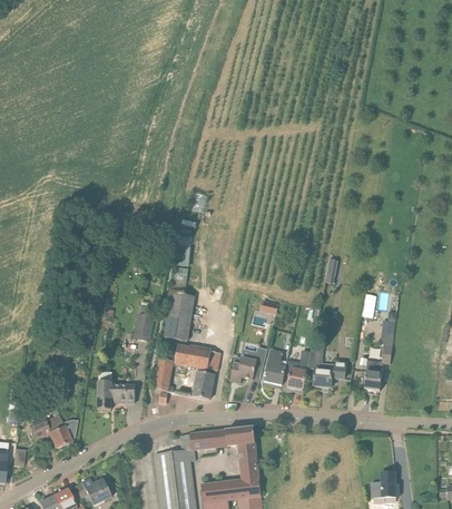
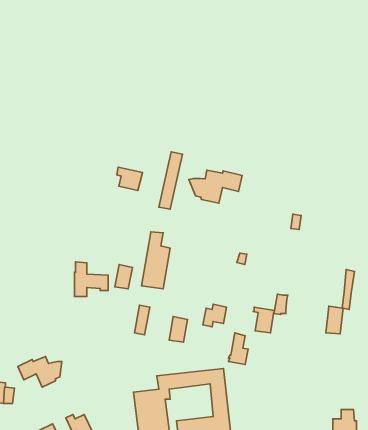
building: none -> [117,167,142,190]
building: none -> [189,170,242,203]
building: [175,343,220,370] -> none
building: [264,349,285,383] -> [229,333,248,364]
building: [313,361,345,390] -> none
building: [98,370,135,408] -> [74,262,108,297]

